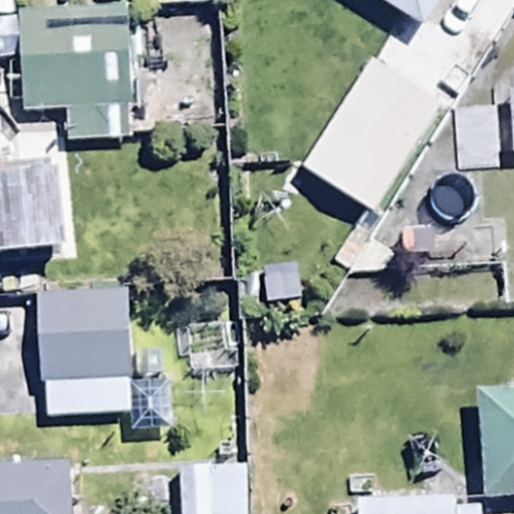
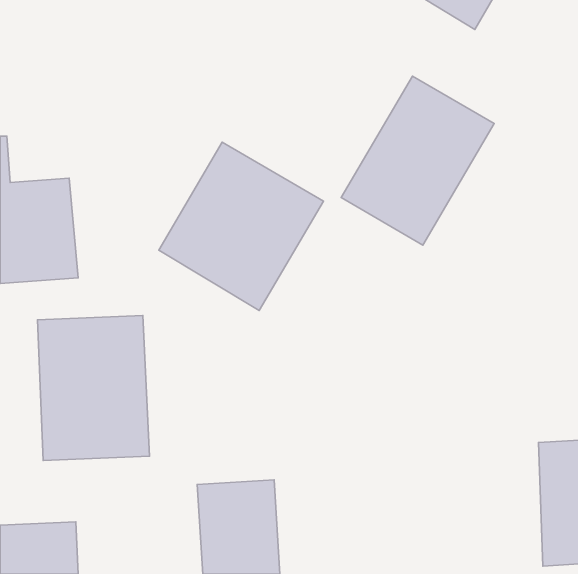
building: [20,7,127,143] -> none
building: none -> [159,142,323,310]

